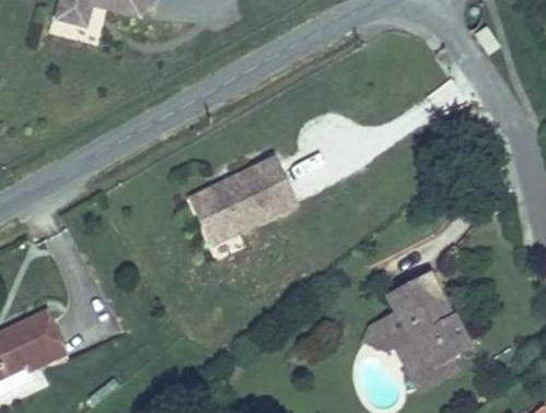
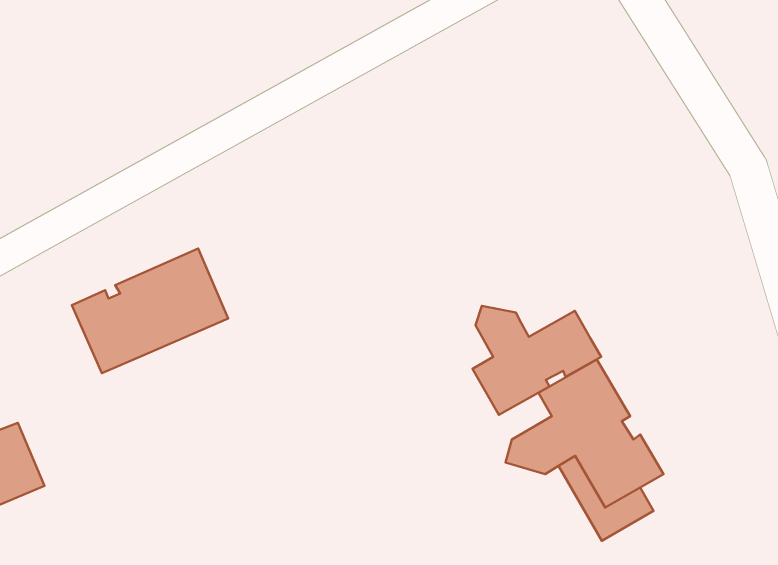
building: [181,162,283,244] -> [72,248,228,373]
building: none -> [473,306,601,415]

